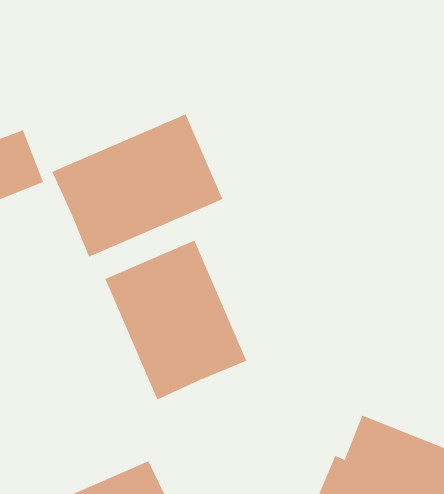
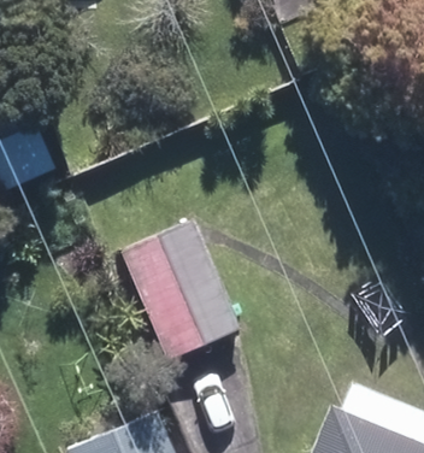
building: [51,113,223,258] -> none

